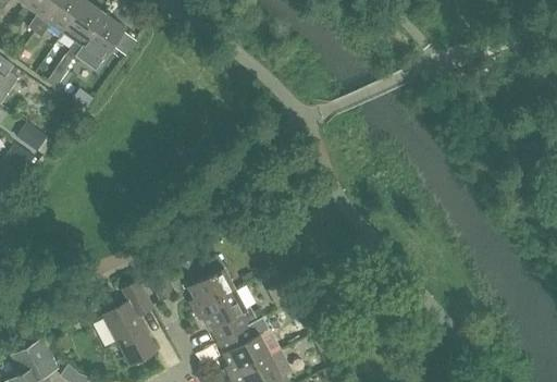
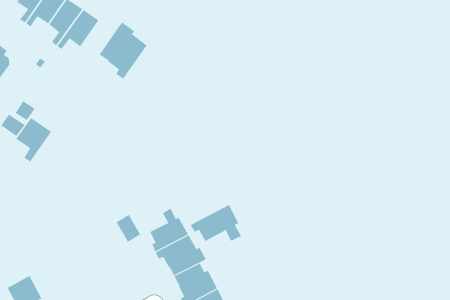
building: none -> [99,21,147,79]
building: none -> [15,117,52,163]
building: none -> [190,204,242,242]
building: [101,280,156,366] -> none

